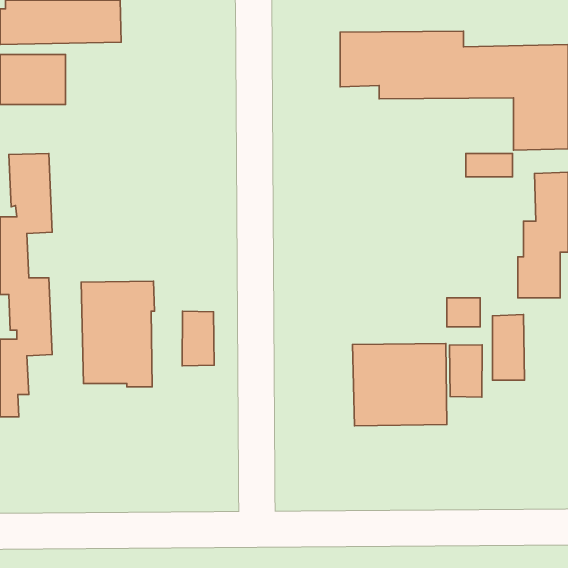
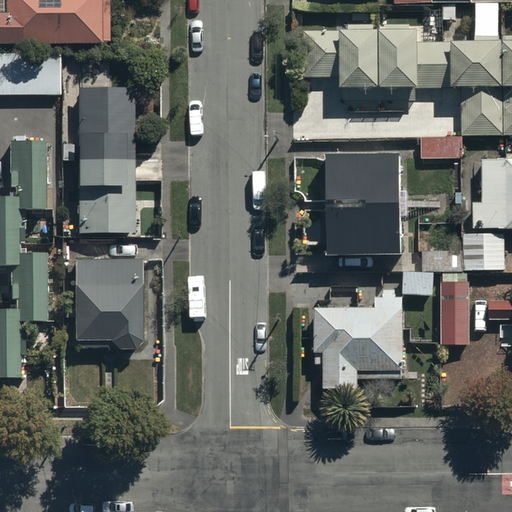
building: none -> [63,83,132,230]
building: none -> [327,153,401,253]
building: [182,311,214,366] -> none
building: [449,345,482,397] -> none

